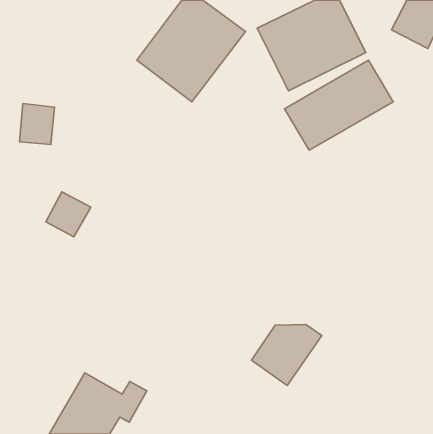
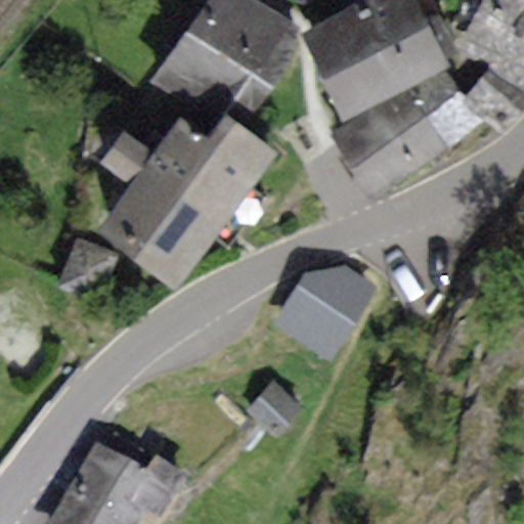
building: none -> [107,126,263,274]
building: [252,324,322,386] -> [286,273,370,347]

